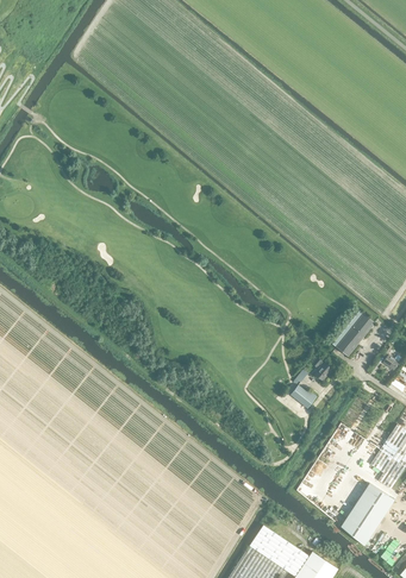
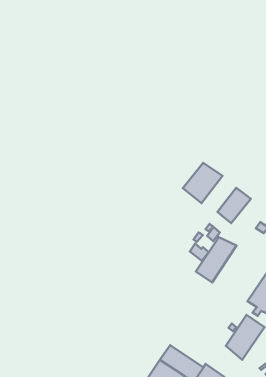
building: none -> [183,163,223,203]
building: none -> [196,237,236,283]

